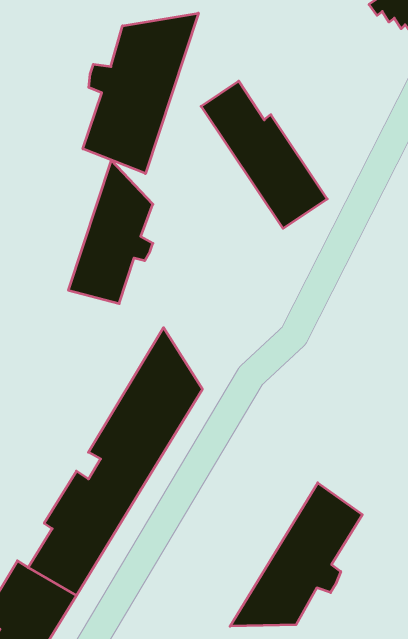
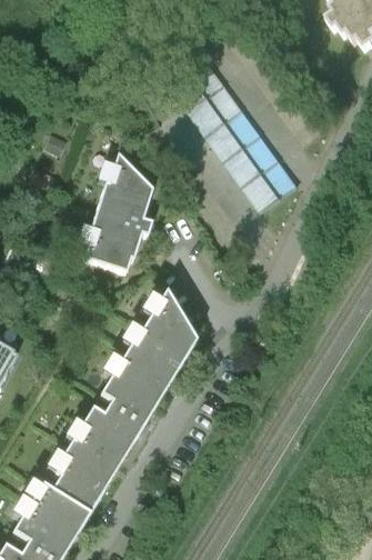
building: [83,13,198,174] -> none
building: [230,483,362,626] -> none

